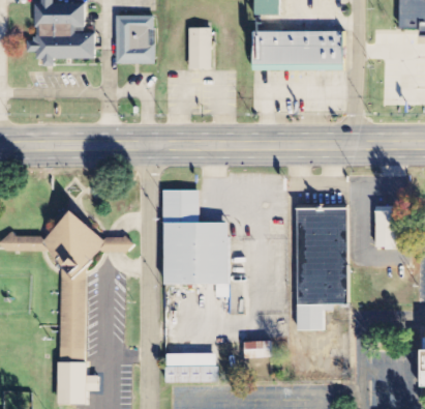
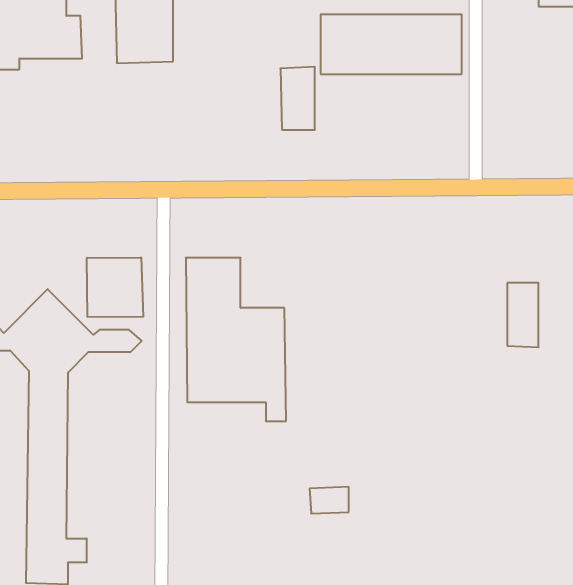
building: [187,27,210,68] -> [280,67,315,130]
building: none -> [87,257,143,317]
building: [296,207,347,330] -> none
building: [164,353,216,383] -> none

